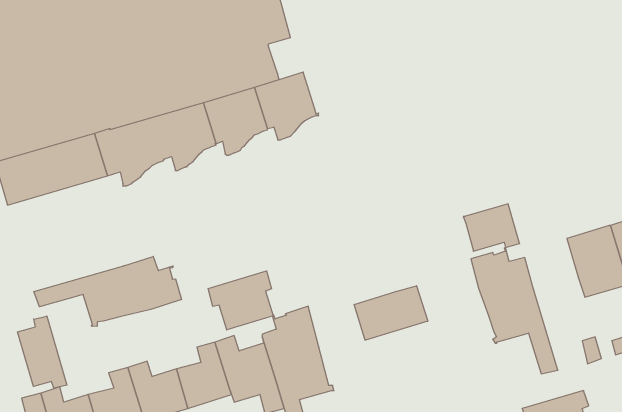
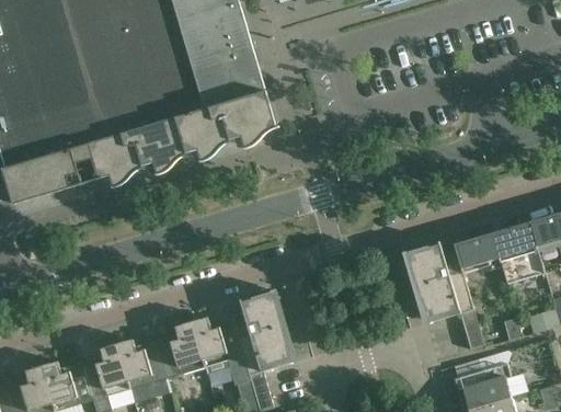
building: [463,204,520,251] -> [454,231,502,272]
building: [34,256,181,326] -> none
building: [208,271,273,330] -> none
building: [354,286,428,340] -> none
building: [17,316,67,388] -> none

